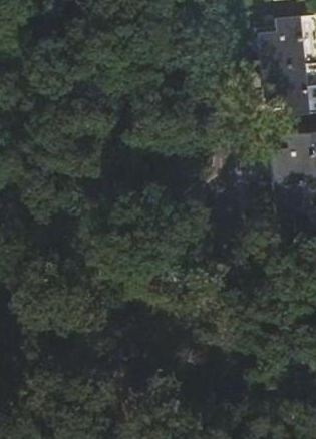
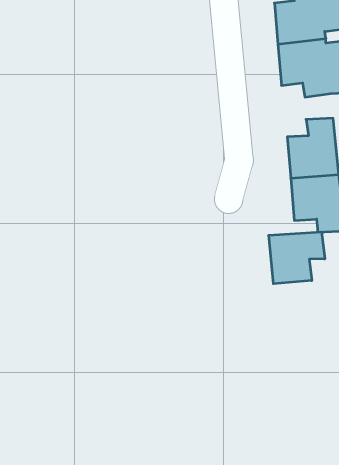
building: none -> [269,232,325,284]

